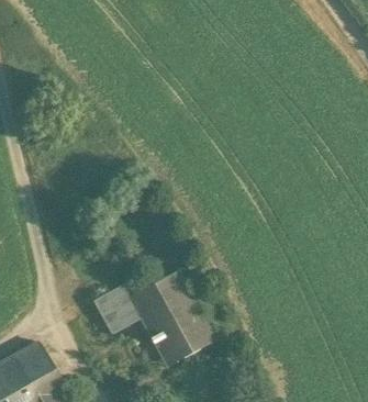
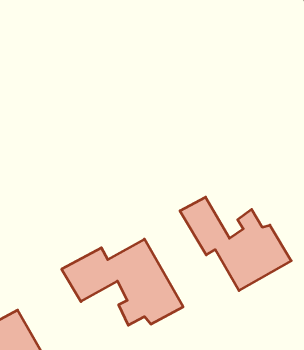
building: none -> [180,197,291,291]

